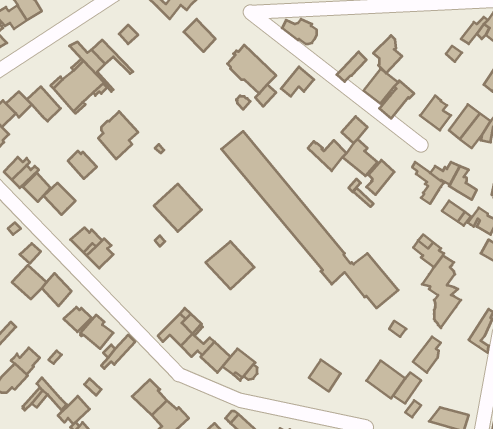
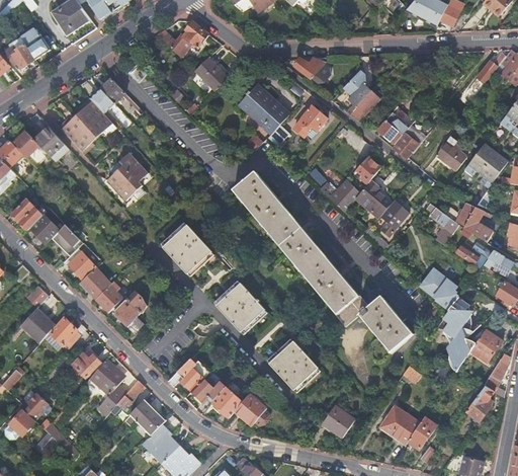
building: [373,35,402,73] -> [343,69,372,107]
building: [68,151,97,179] -> [66,250,95,279]
building: none -> [112,289,146,325]
building: none -> [471,329,503,362]
building: none -> [270,342,319,390]
building: [413,337,441,373] -> [466,385,495,421]
building: none -> [126,400,162,431]
building: [58,396,90,424] -> none

